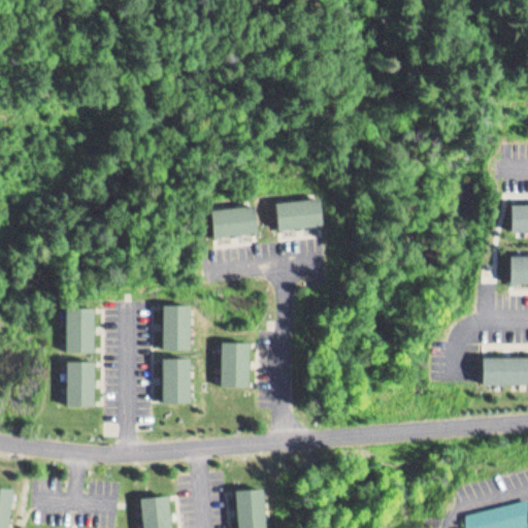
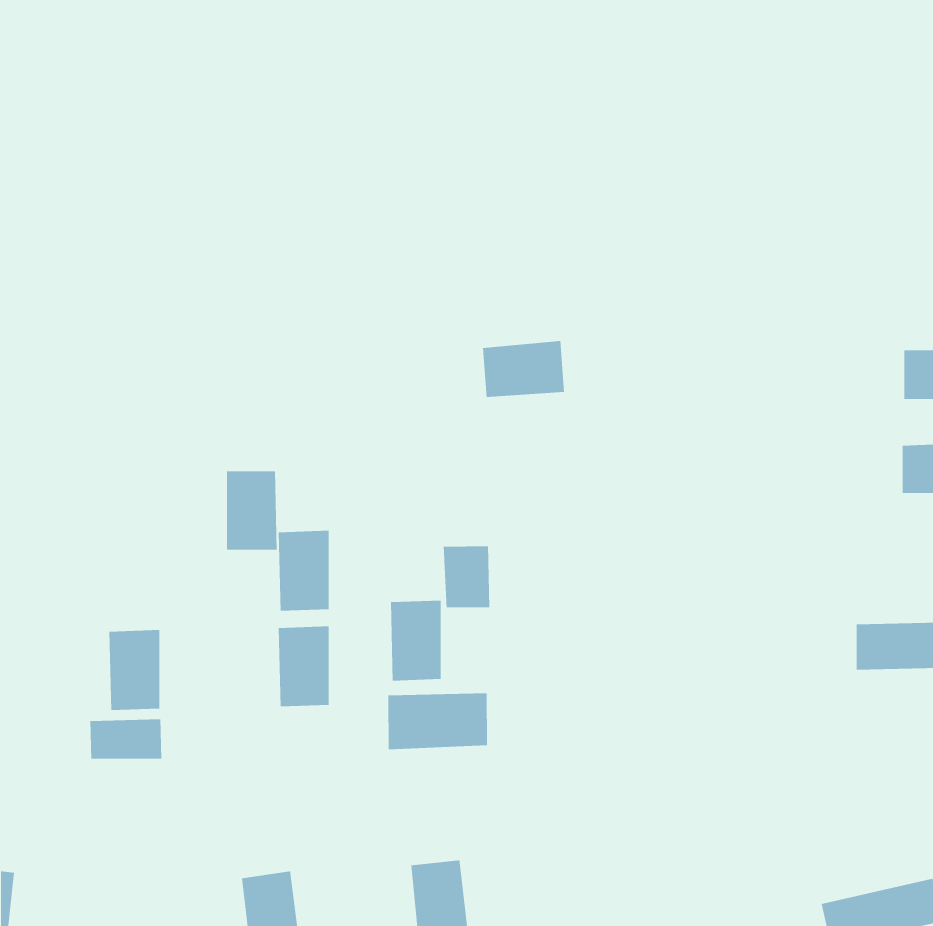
building: [210,207,257,239] -> none
building: [67,310,96,355] -> [226,471,278,550]
building: none -> [443,546,490,608]
building: none -> [388,693,488,750]
building: none -> [90,719,162,759]

